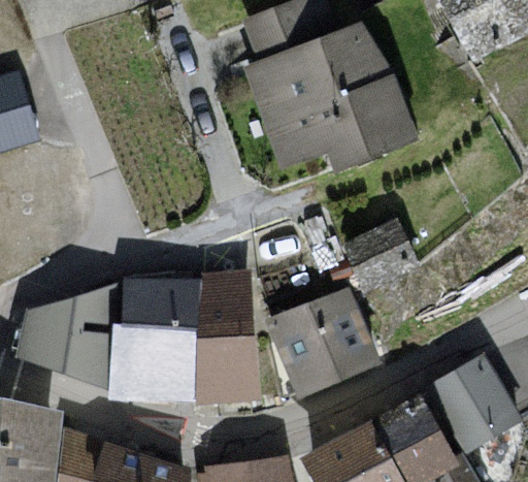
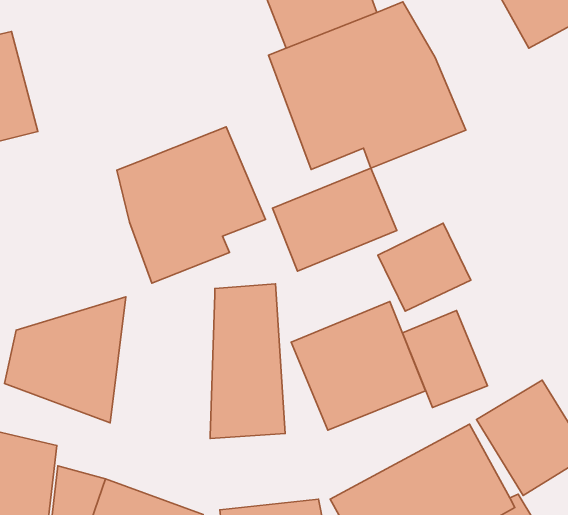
building: none -> [117,127,265,283]
building: none -> [272,168,397,271]
building: [107,278,199,403] -> none
building: none -> [403,310,487,408]

